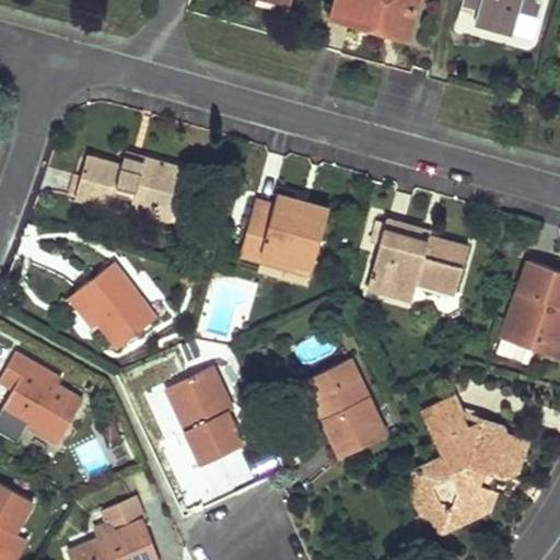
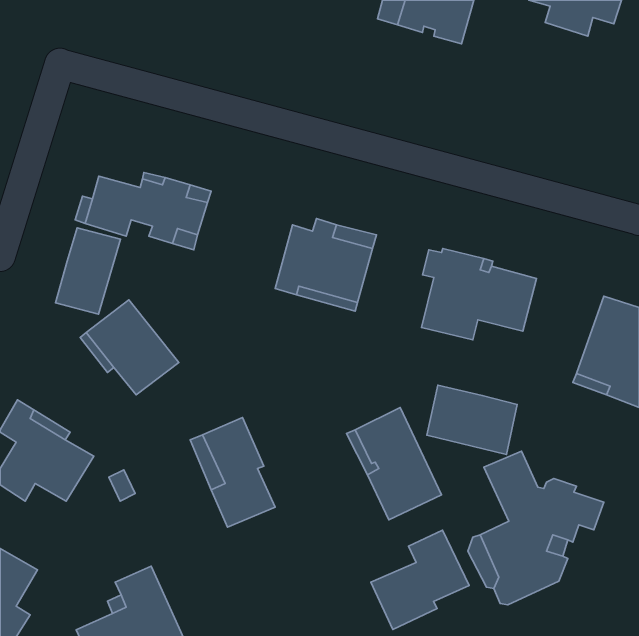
building: none -> [56,228,120,314]
building: none -> [427,385,517,454]
building: none -> [371,530,469,629]

